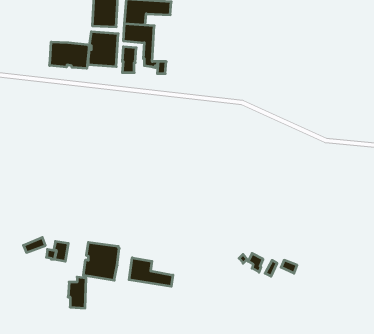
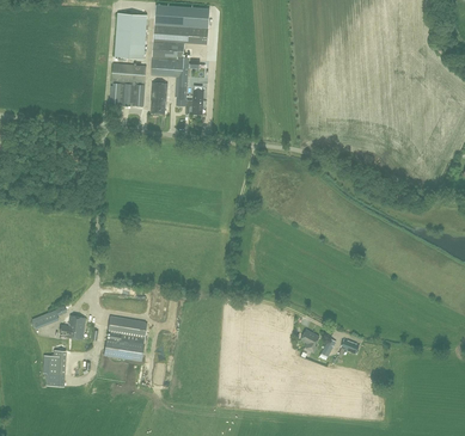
building: [50,42,89,68] -> none
building: [129,258,173,286] -> none
building: [68,277,86,308] -> [43,349,65,386]

